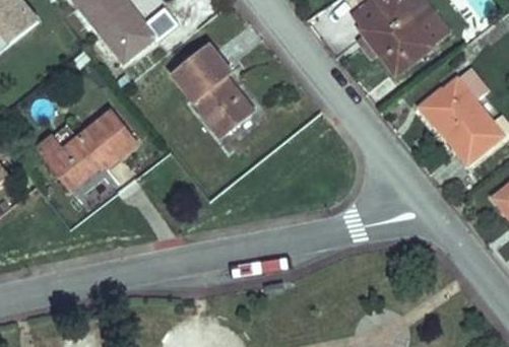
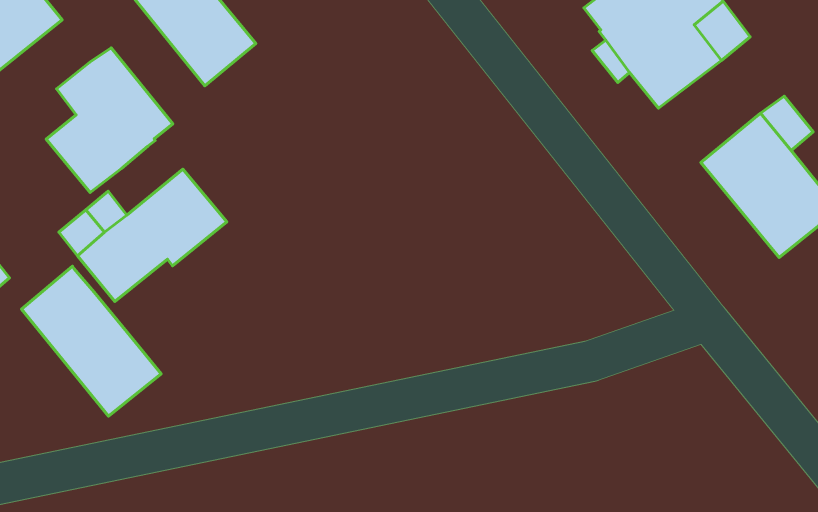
building: none -> [46,48,173,193]
building: [173,47,251,135] -> none
building: none -> [21,266,161,416]

